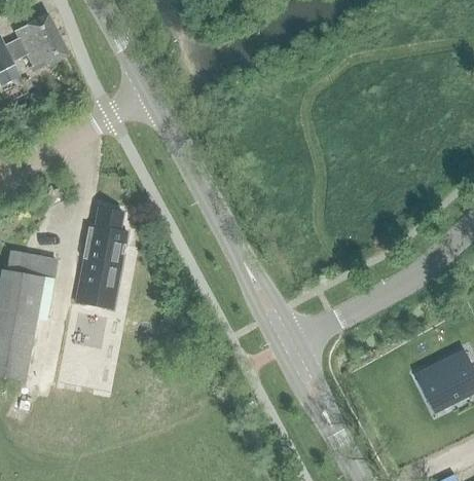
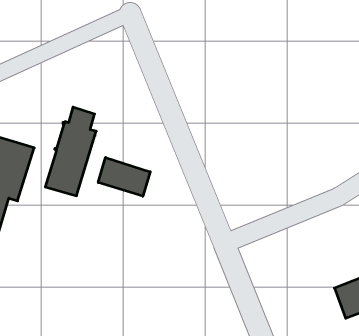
building: none -> [98,157,150,196]

